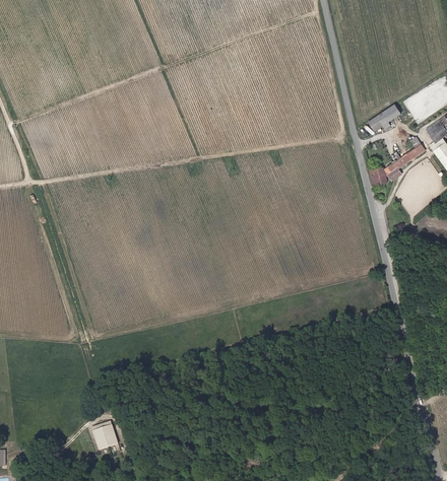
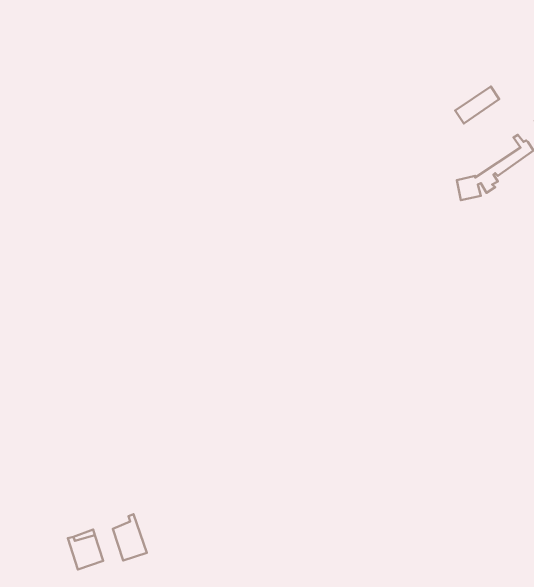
building: none -> [113,514,147,561]

